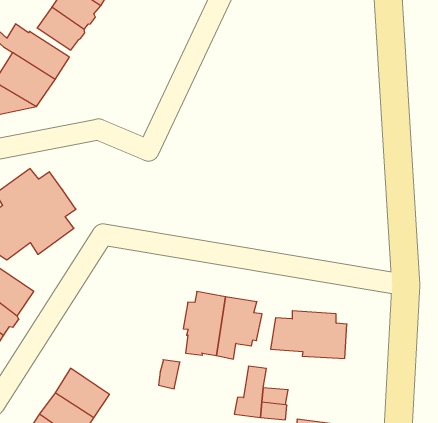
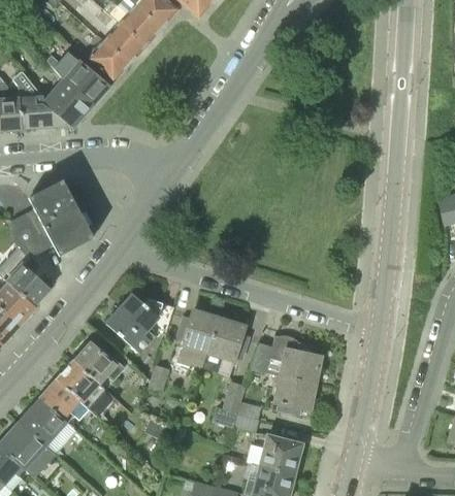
building: none -> [106,293,174,353]
building: none -> [73,341,125,388]
building: none -> [273,378,316,412]

